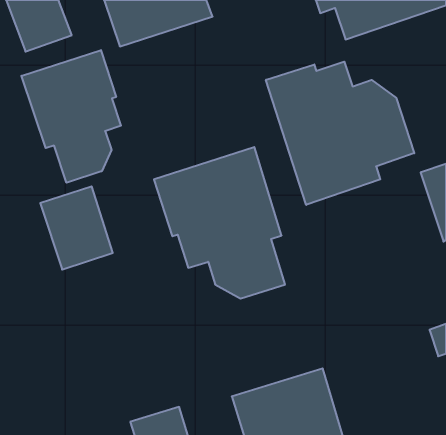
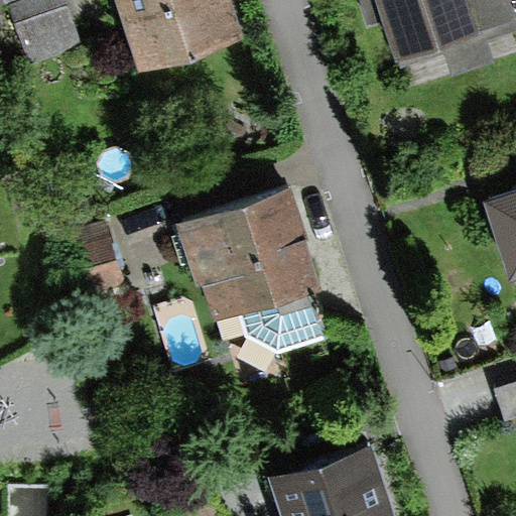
building: [21,50,121,183] -> none
building: [266,62,414,205] -> none

